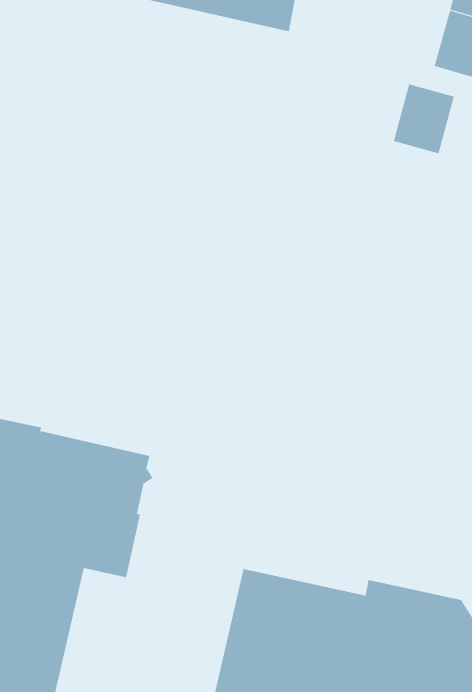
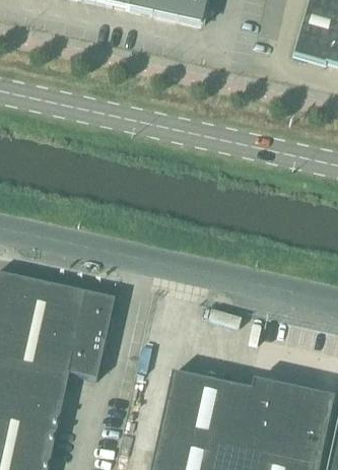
building: [393,84,454,154] -> none

